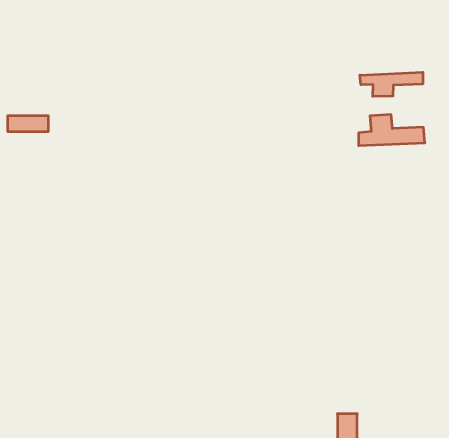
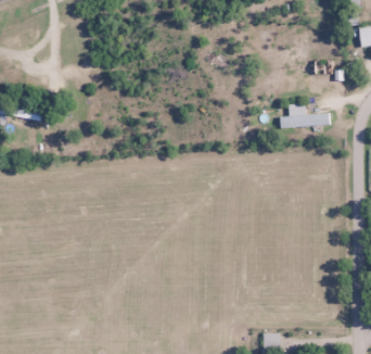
building: [360,72,423,96] -> none

